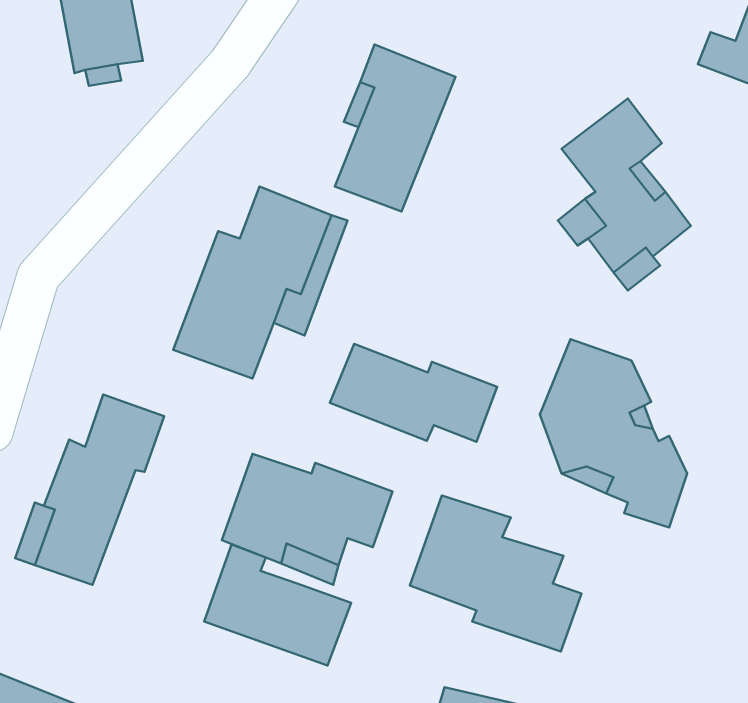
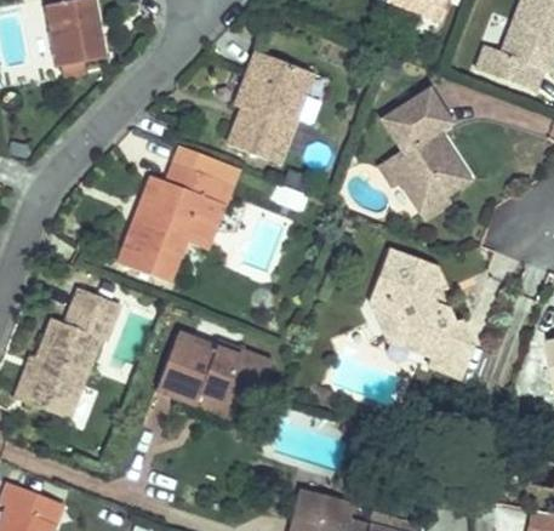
building: [330,344,497,442] -> none
building: [410,496,582,652] -> none
building: [204,545,351,665] -> none

